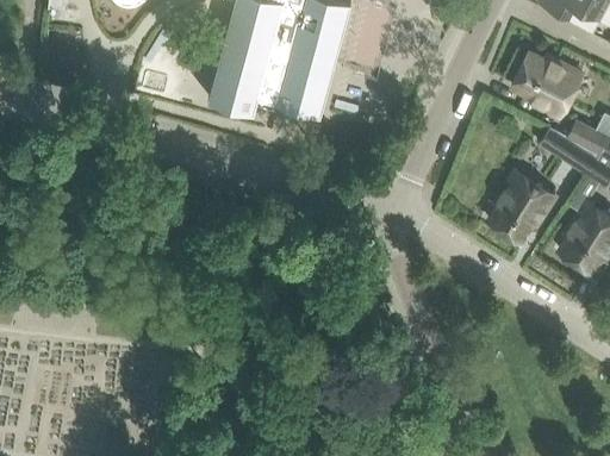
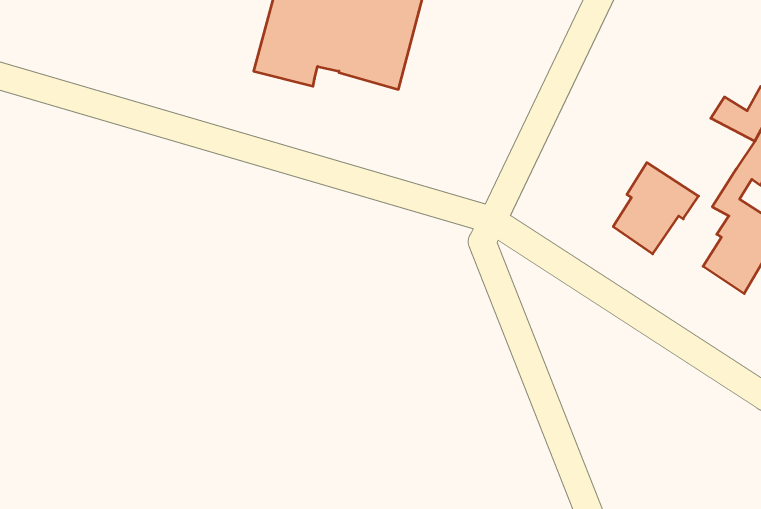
building: [512,52,583,117] -> none
building: [537,127,600,175] -> none

